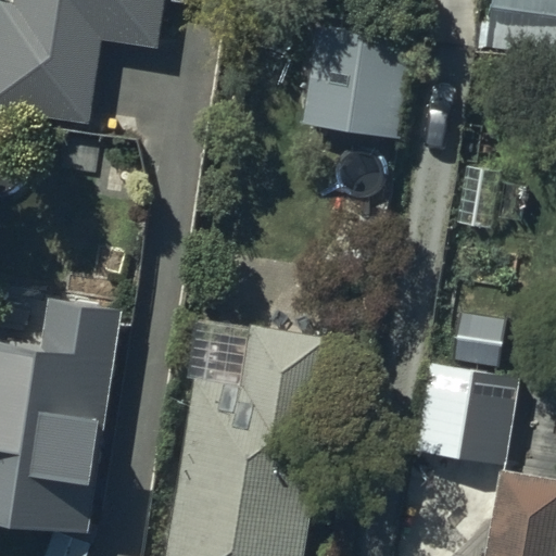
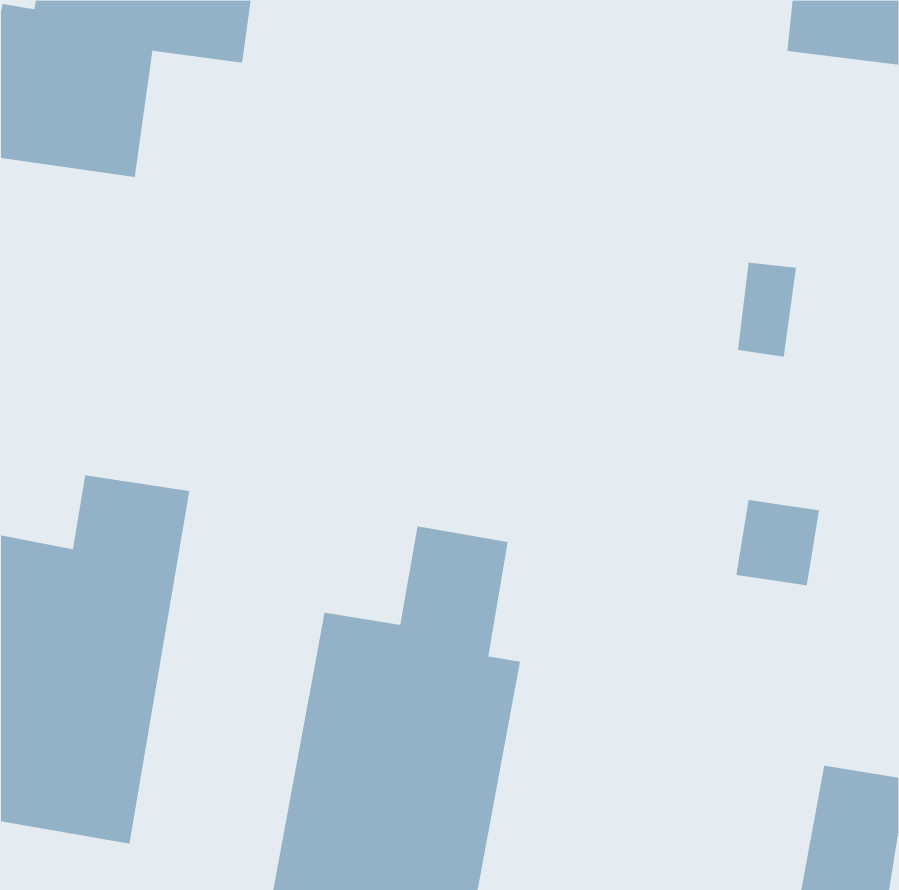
building: [300,25,408,131] -> none
building: [417,366,509,458] -> none

